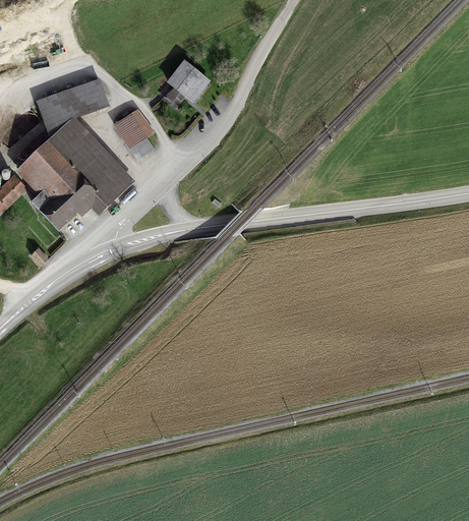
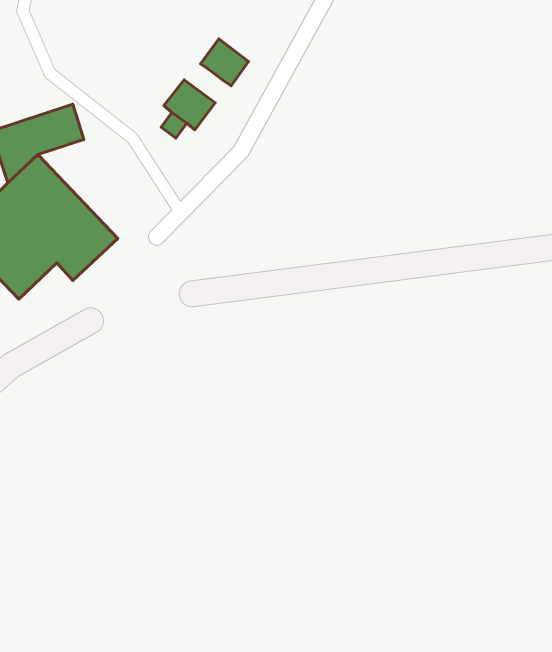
building: none -> [200,39,249,86]
building: [114,107,151,154] -> none

